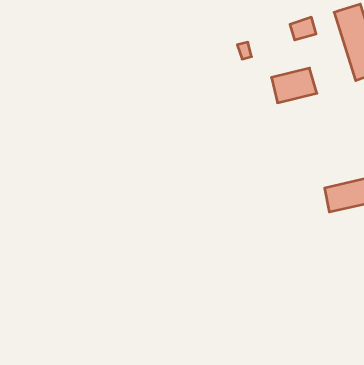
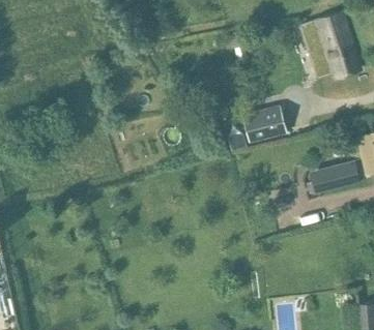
building: [271,68,317,103] -> [246,111,285,141]

